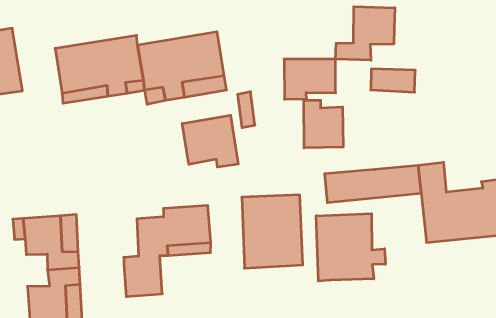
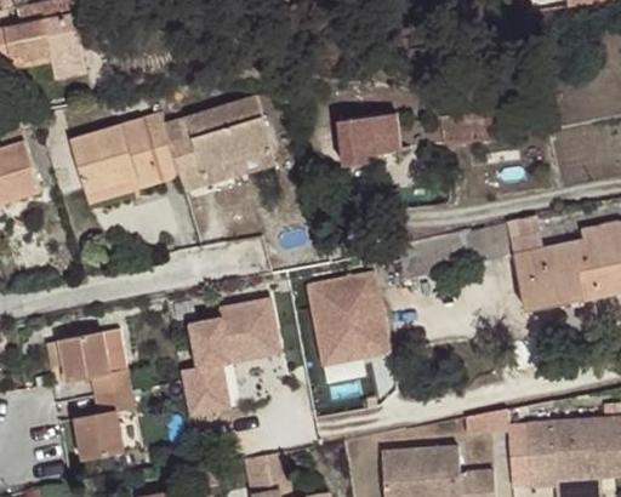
building: [336,7,395,60] -> none
building: [304,100,343,148] -> none
building: [182,115,238,167] -> none
building: [316,214,385,281] -> none

